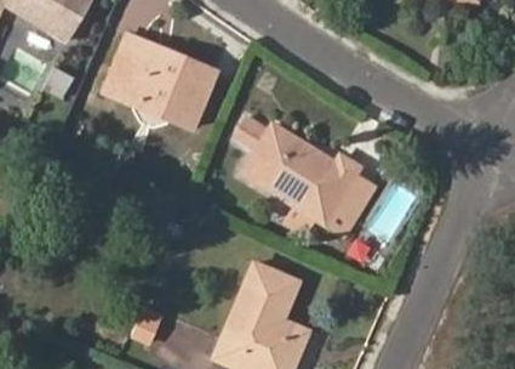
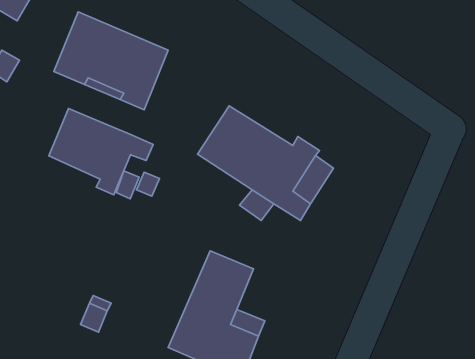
building: none -> [49,108,153,195]

